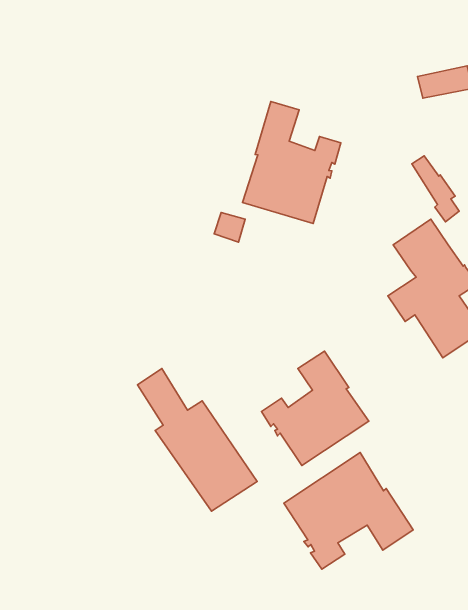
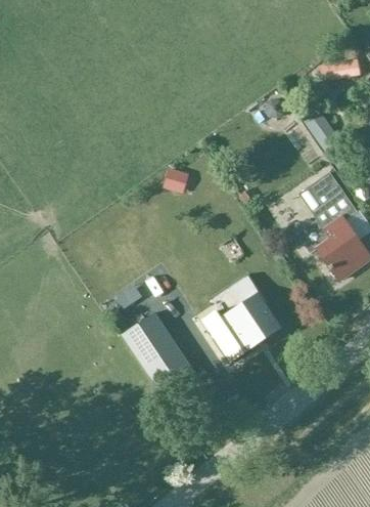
building: [243,102,341,223] -> none
building: [284,453,413,569] -> none

